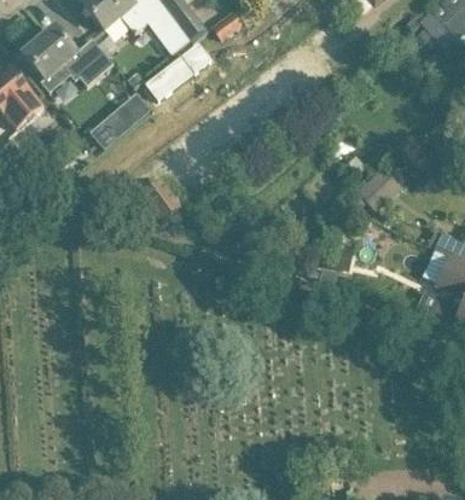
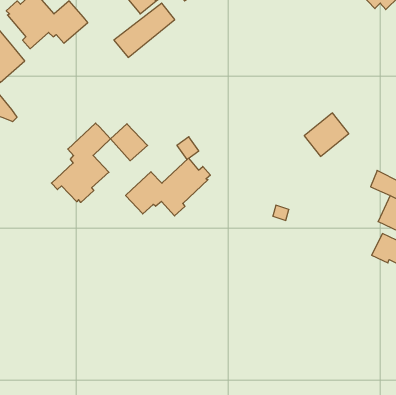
building: [106,91,151,133] -> none
building: none -> [51,123,111,202]
building: none -> [126,158,210,216]

